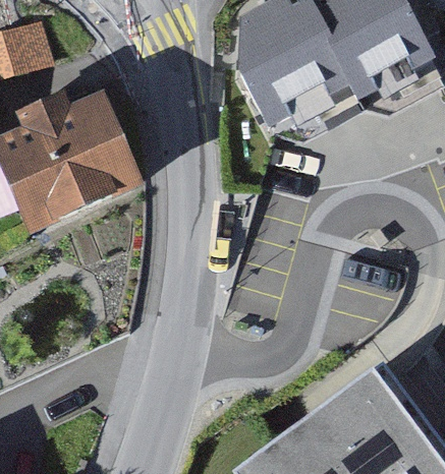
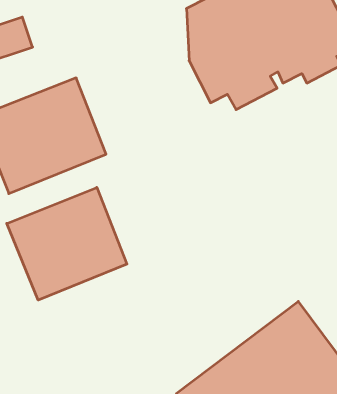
building: none -> [7,187,127,300]

